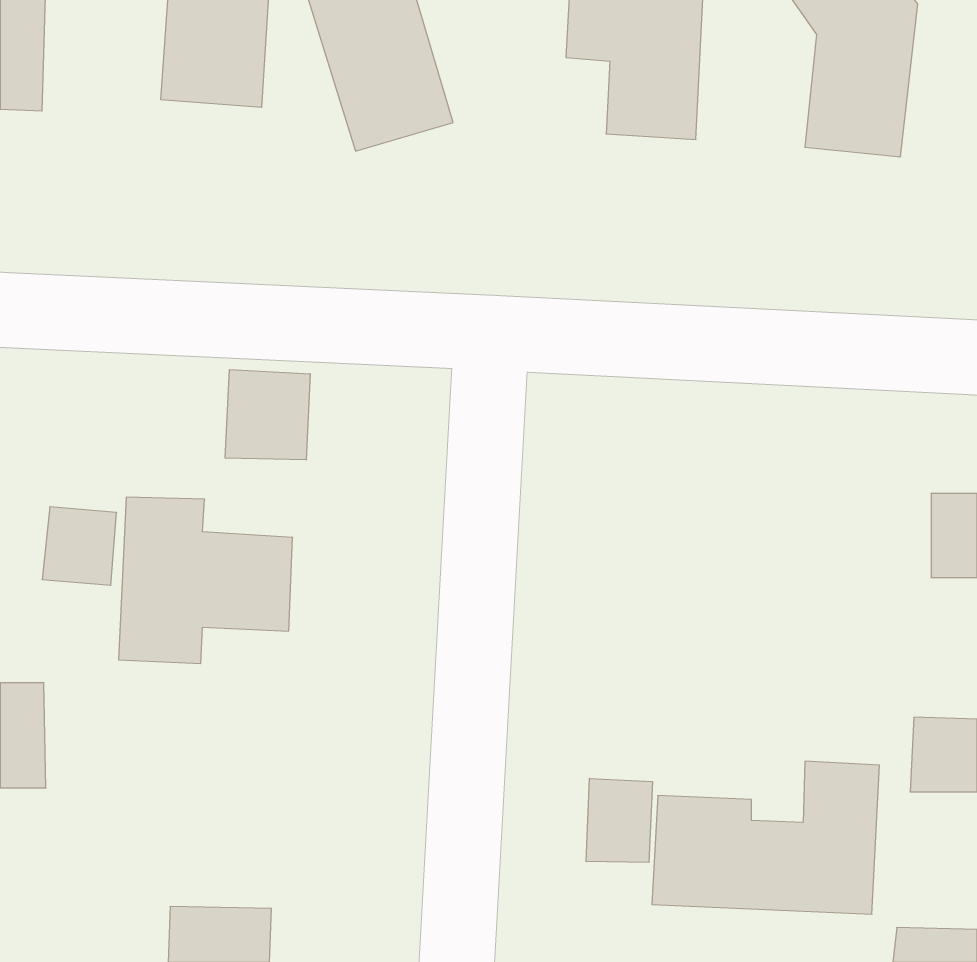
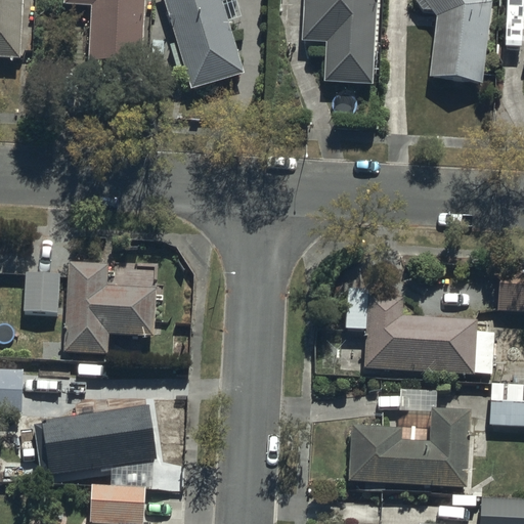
building: [225,370,310,460] -> none
building: none -> [362,297,494,376]
building: none -> [38,404,157,477]
building: [586,778,652,862] -> none

